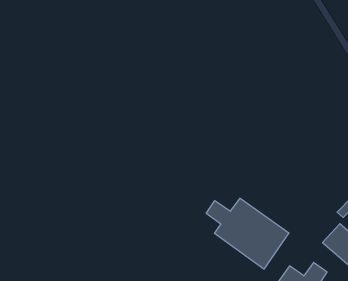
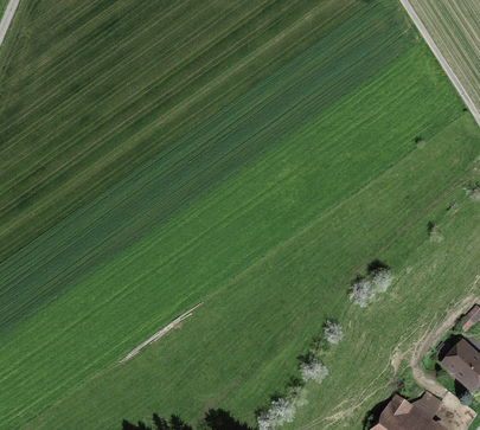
building: [206,198,289,269] -> none

